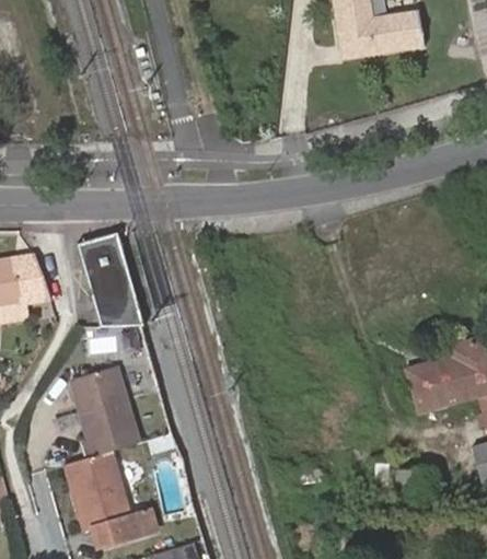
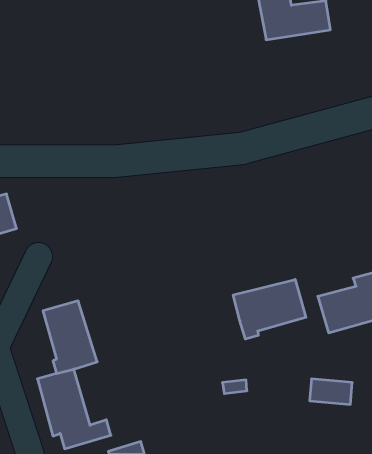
building: [79,234,147,327] -> none
building: none -> [233,279,306,339]

